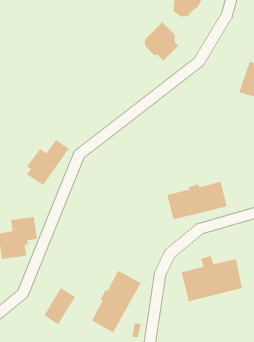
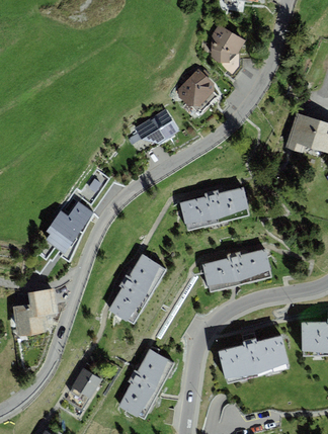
building: none -> [135,108,180,144]
building: none -> [181,187,250,230]
building: none -> [108,254,167,324]

